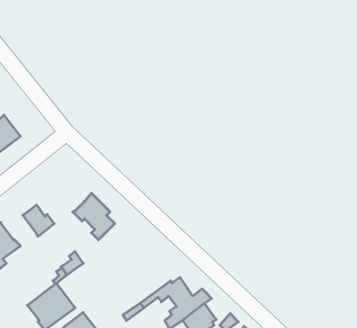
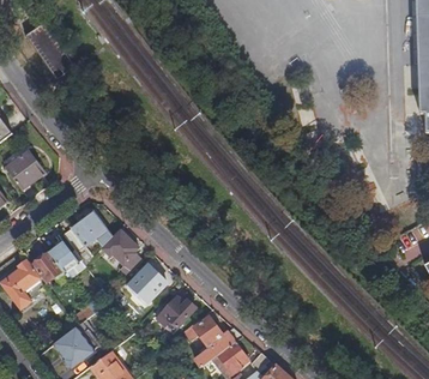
building: none -> [64,210,113,264]
building: none -> [32,251,64,282]
building: none -> [128,264,168,303]
building: none -> [158,297,197,327]

